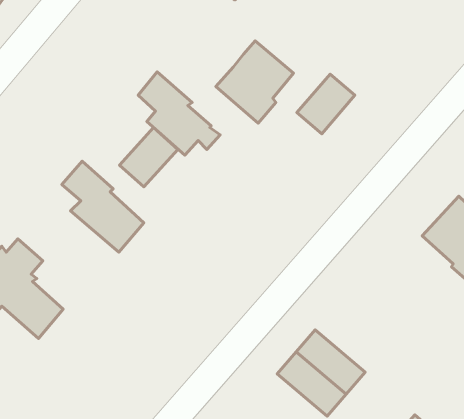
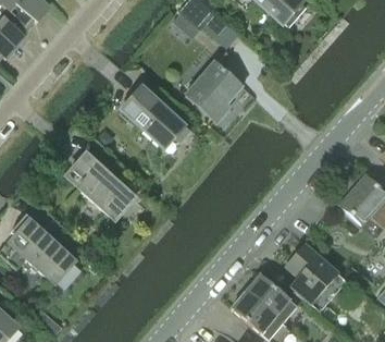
building: [297,74,355,134] -> none
building: [120,128,178,187] -> none
building: none -> [285,245,345,312]

